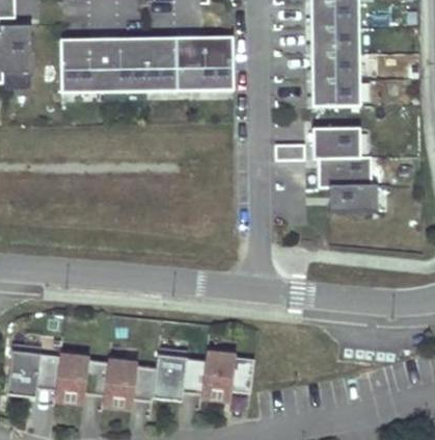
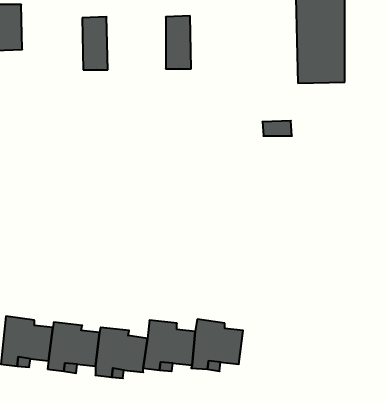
building: [202,37,235,92] -> none
building: [117,38,178,93] -> none
building: [61,40,93,94] -> none
building: [312,127,379,211] -> none

